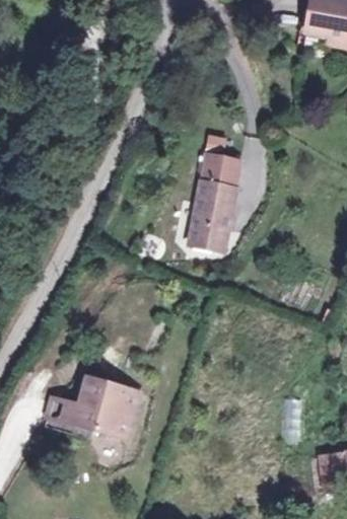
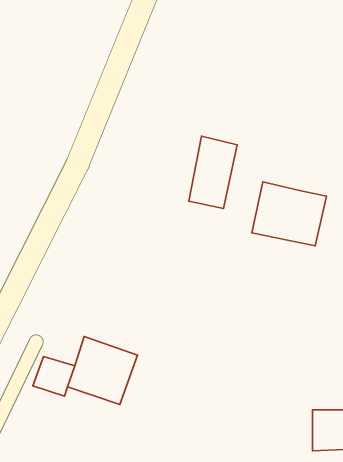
building: [204,152,242,187] -> none
building: none -> [252,182,326,246]

